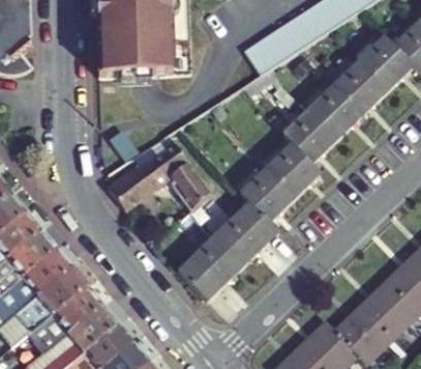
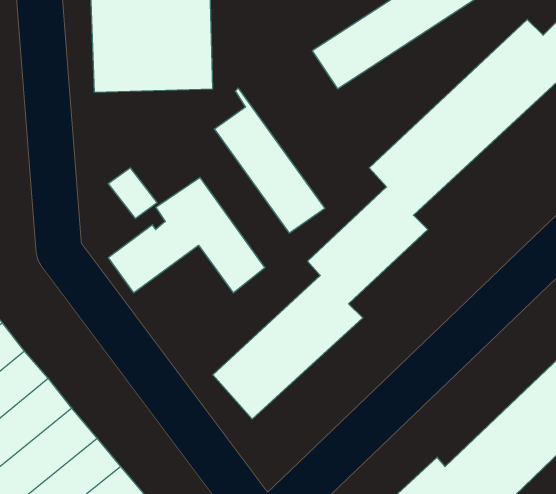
building: none -> [214,88,325,233]

